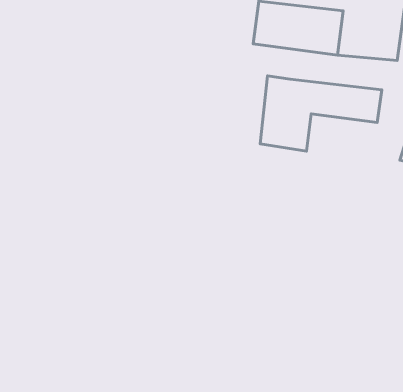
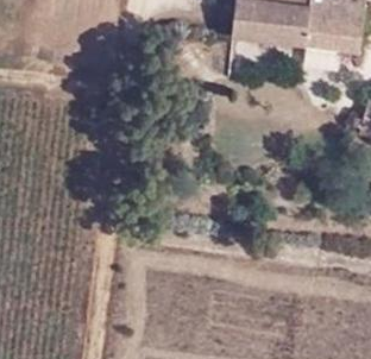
building: [260,76,382,151] -> none

